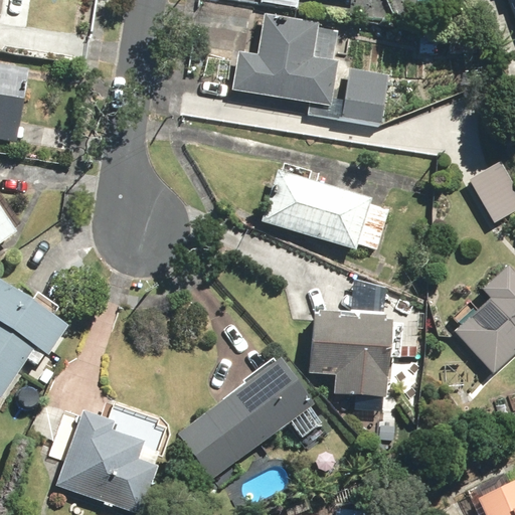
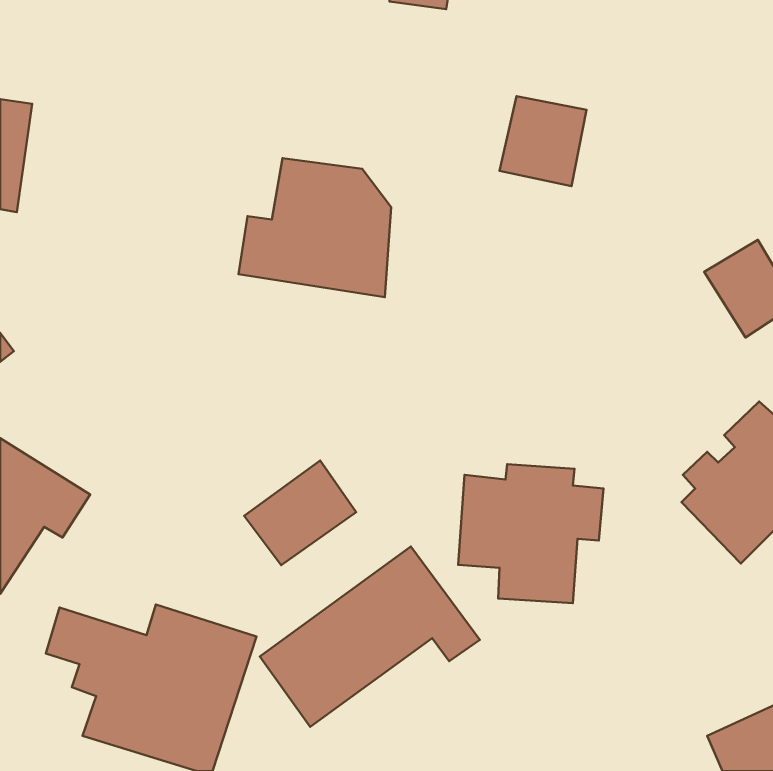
building: [232,14,333,106] -> [238,158,391,297]
building: [261,171,392,250] -> none
building: none -> [244,461,356,565]

